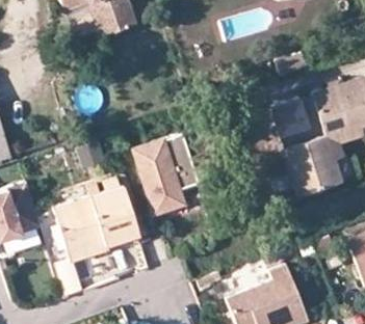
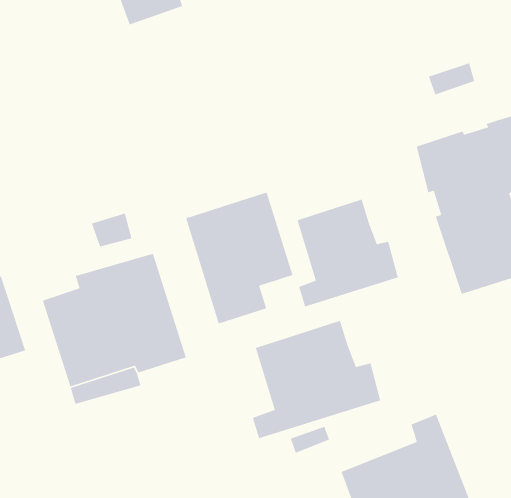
building: none -> [297,198,399,307]
building: none -> [252,320,381,439]

